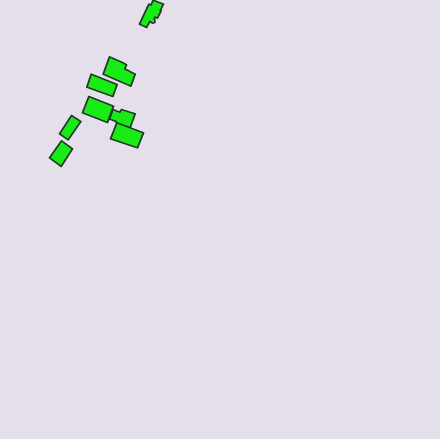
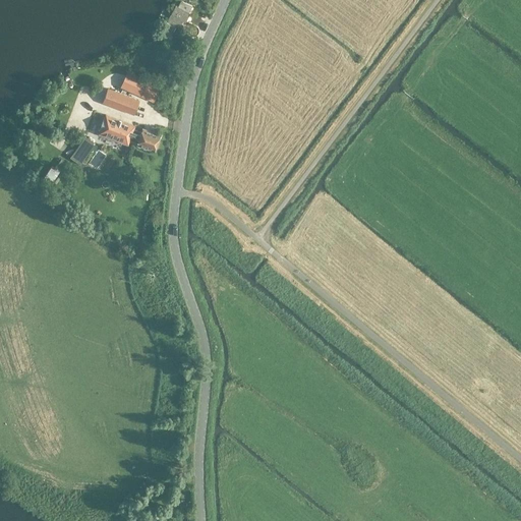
building: [110,123,143,148] -> none
building: [50,141,73,166] -> none

